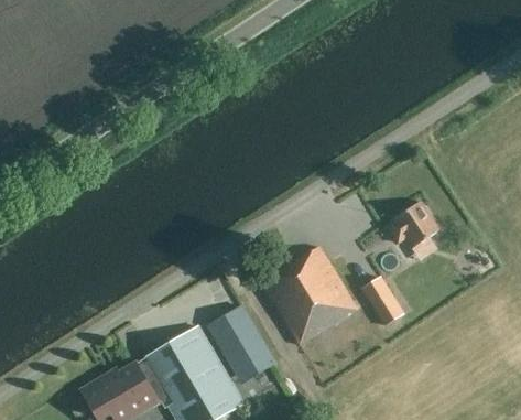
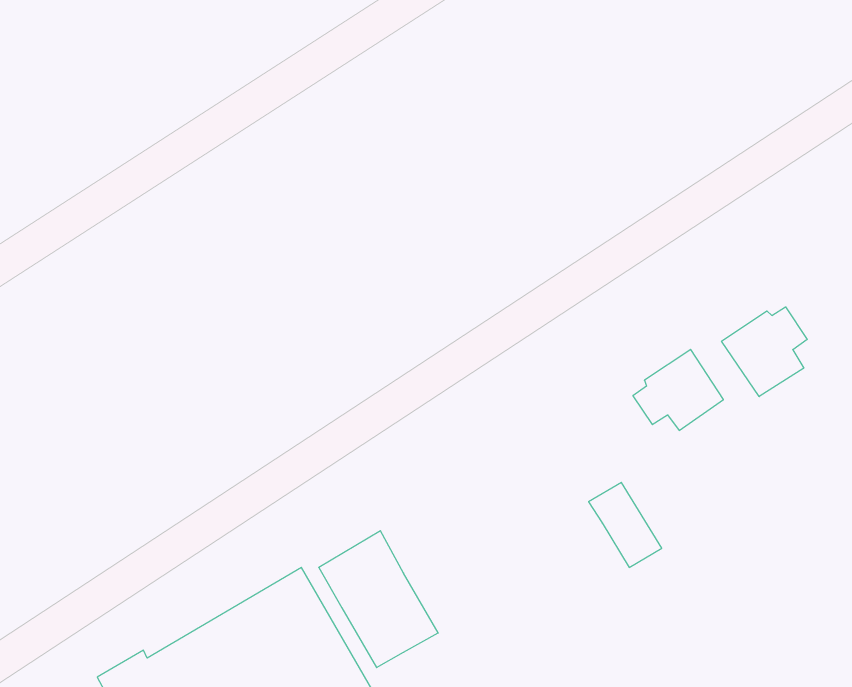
building: none -> [722,307,807,397]
building: [261,247,357,345] -> none

